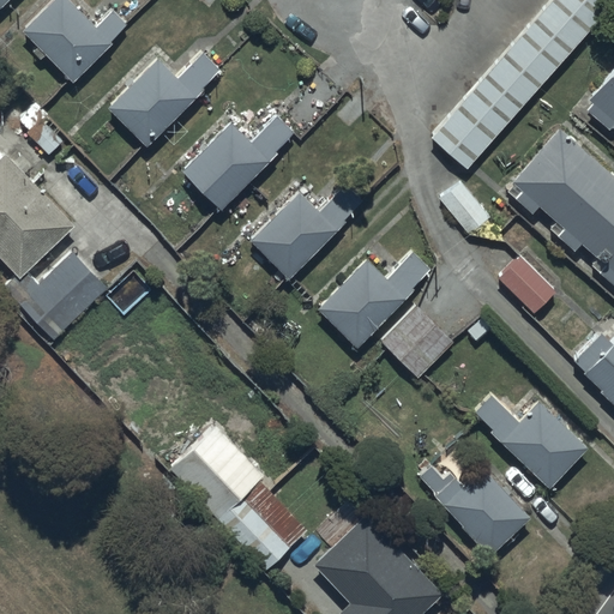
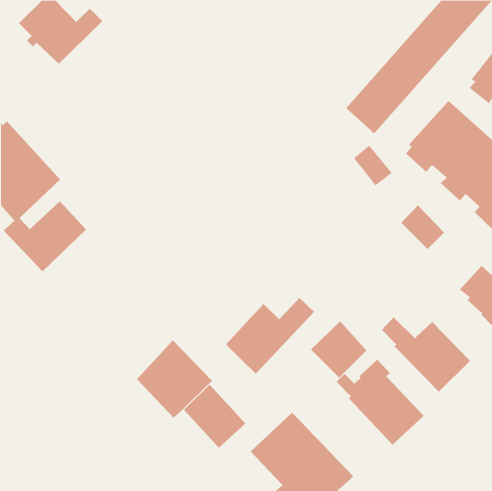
building: [109,55,219,148] -> none
building: [183,115,294,210] -> none
building: [248,185,361,278] -> none
building: [317,253,428,349] -> [225,297,315,374]
building: [380,307,451,379] -> [310,321,367,378]

